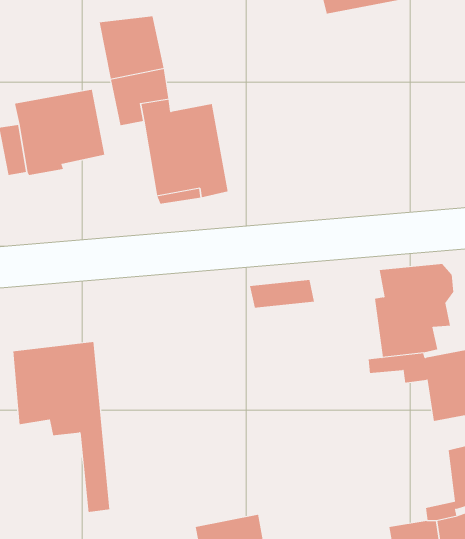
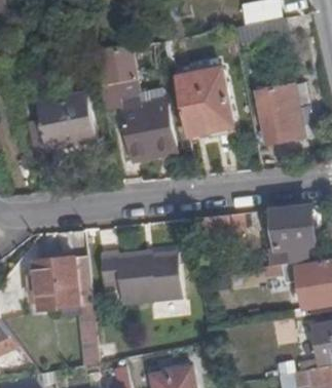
building: none -> [175,69,231,135]
building: none -> [256,82,303,143]
building: none -> [99,253,181,307]

